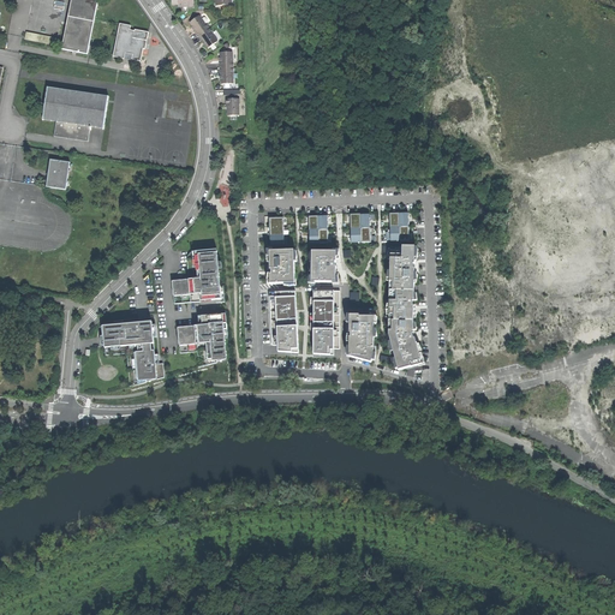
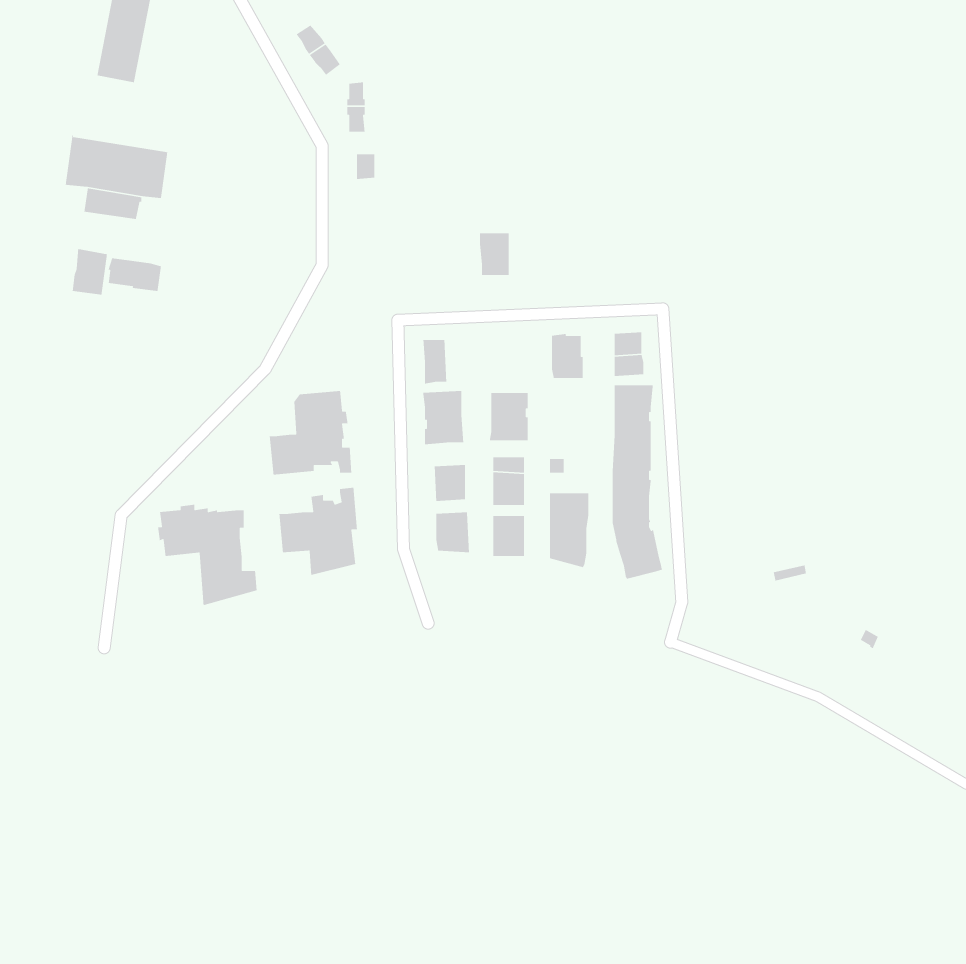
building: [112,22,147,60] -> none
building: none -> [107,257,162,292]
building: [308,214,327,241] -> [479,232,509,276]

